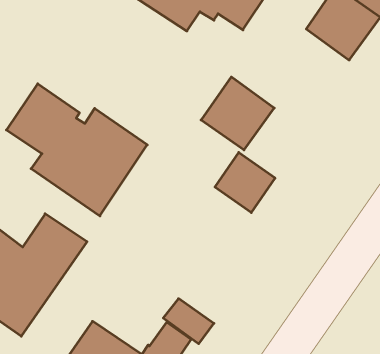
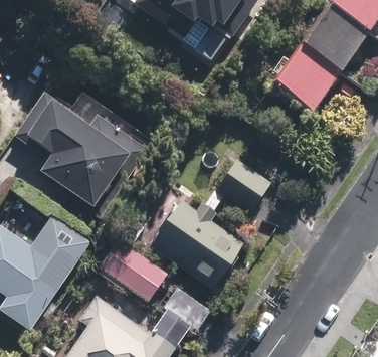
building: [201,77,274,150] -> [268,38,337,107]
building: none -> [145,196,239,285]
building: none -> [94,234,163,297]

